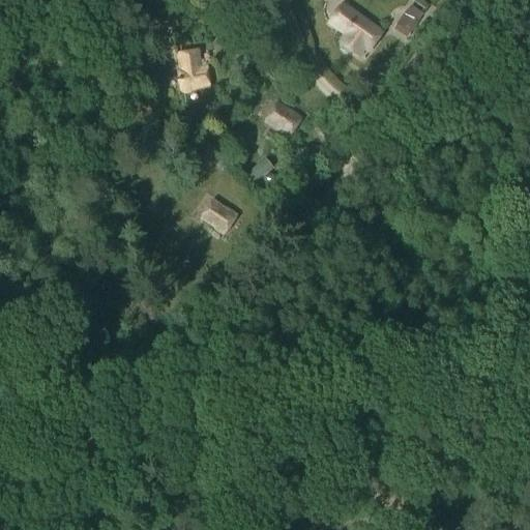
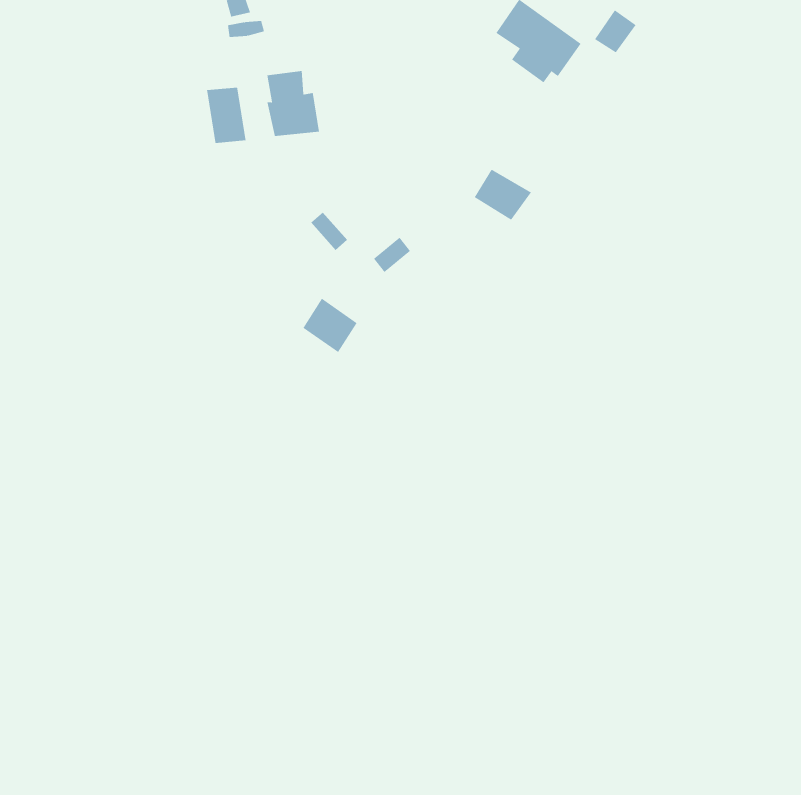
building: none -> [207,87,246,144]
building: [265,100,303,135] -> [474,169,532,221]

